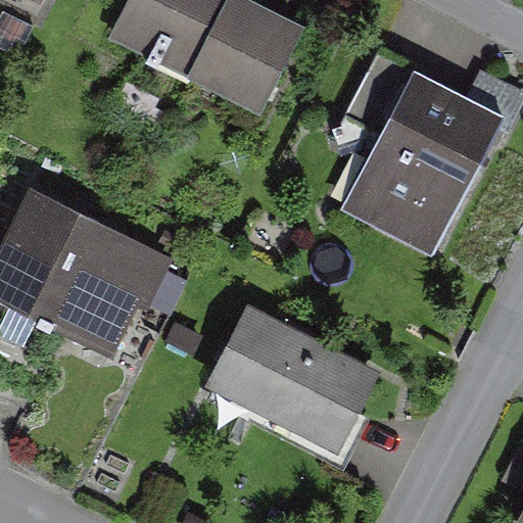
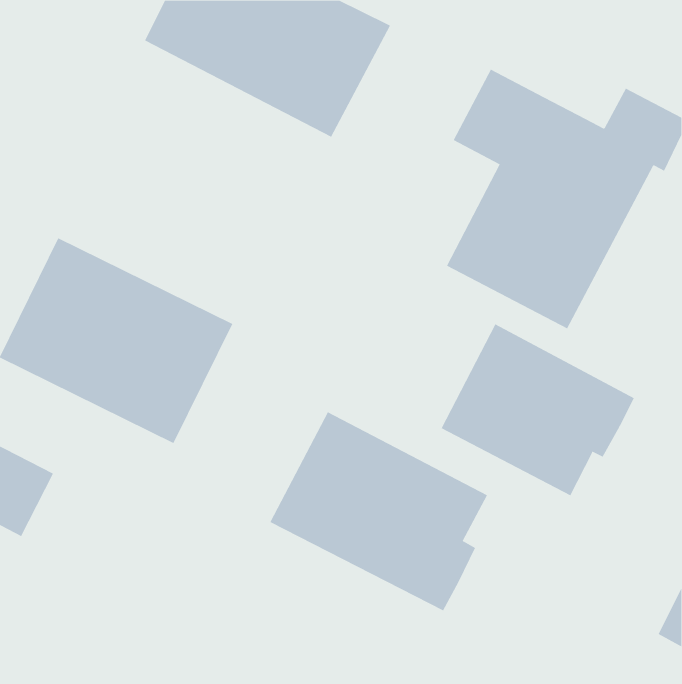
building: none -> [441,324,634,496]

